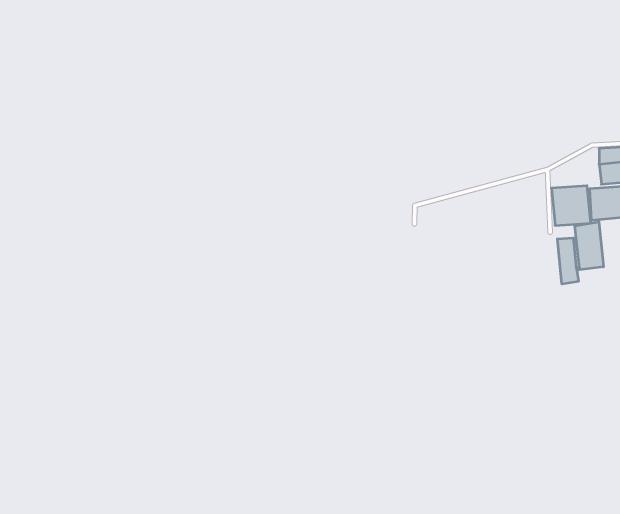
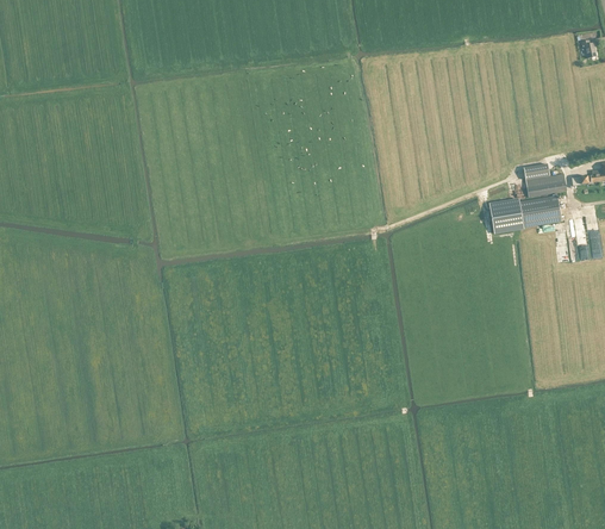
building: [557,222,603,284] -> none

